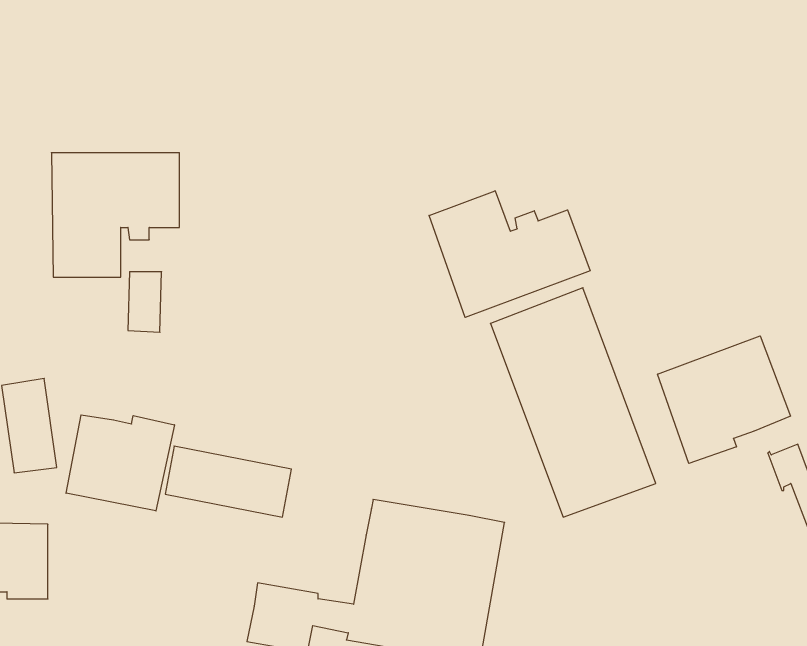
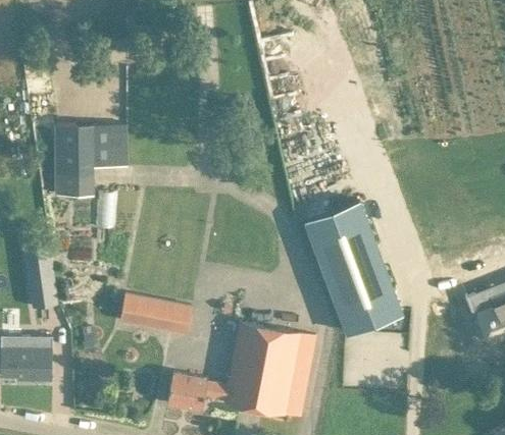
building: [429,191,590,317] -> none
building: [658,336,790,463] -> none
building: [66,415,174,511] -> none

